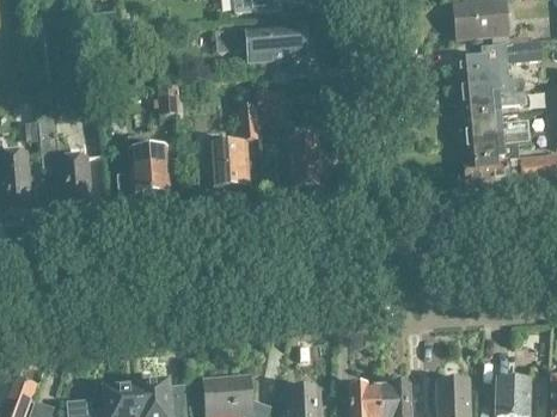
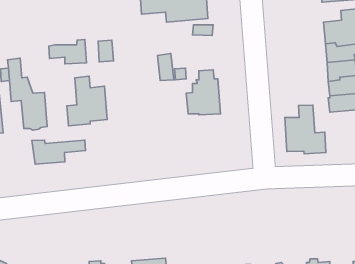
building: none -> [49,40,86,64]
building: [197,133,249,191] -> none
building: none -> [285,105,326,154]
building: none -> [32,140,86,164]

